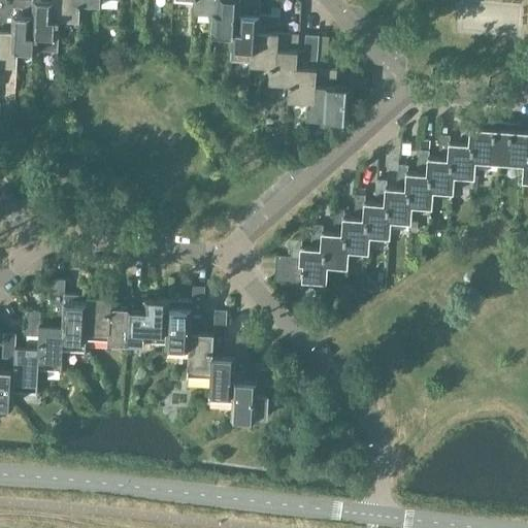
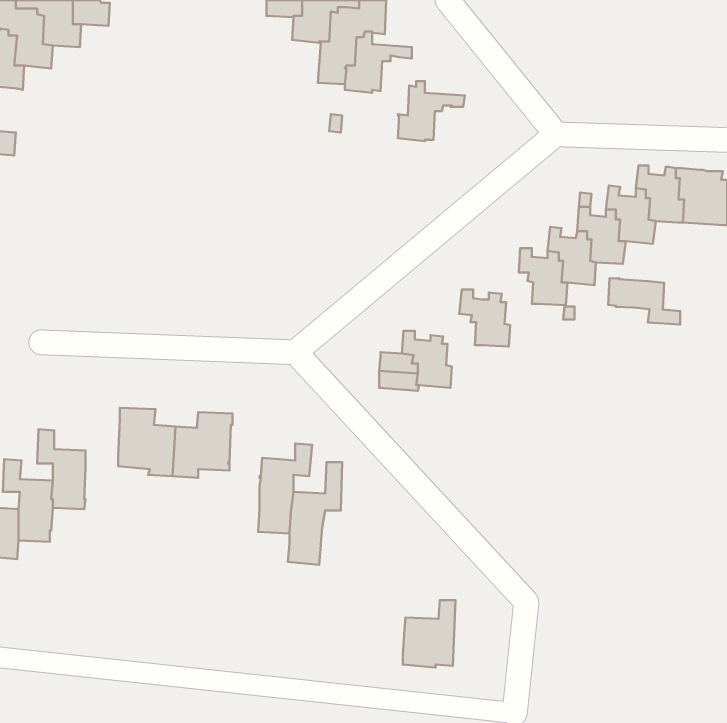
building: [268,38,319,88] -> none
building: [306,80,351,125] -> none
building: [354,198,389,240] -> none
building: none -> [608,278,680,325]
building: [311,228,349,270] -> none
building: [51,283,87,365] -> none
building: [165,289,204,356] -> none
building: [231,373,269,422] -> [403,600,456,667]

